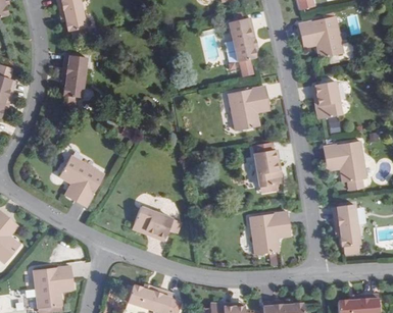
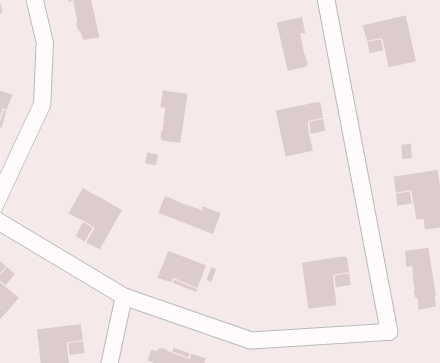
building: [63,53,87,97] -> [160,90,188,144]
building: [314,81,341,118] -> none
building: [253,149,283,192] -> none
building: none -> [157,195,222,235]

